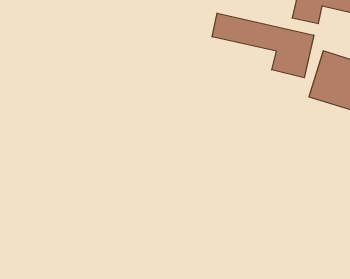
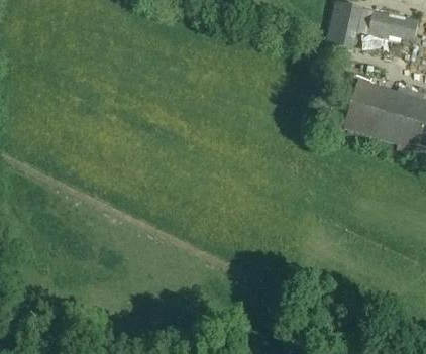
building: [212,13,314,78] -> none

